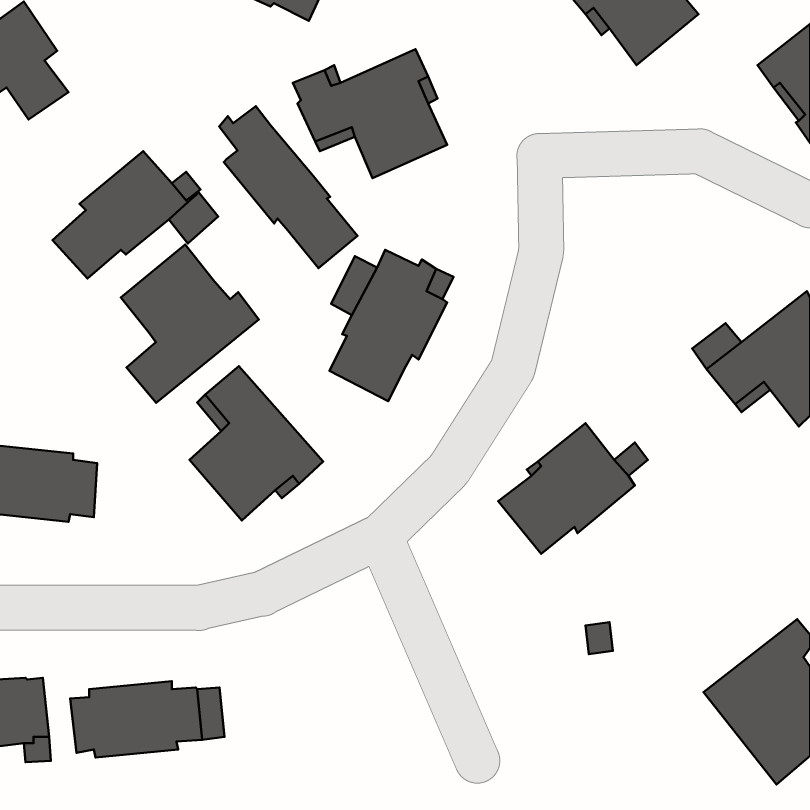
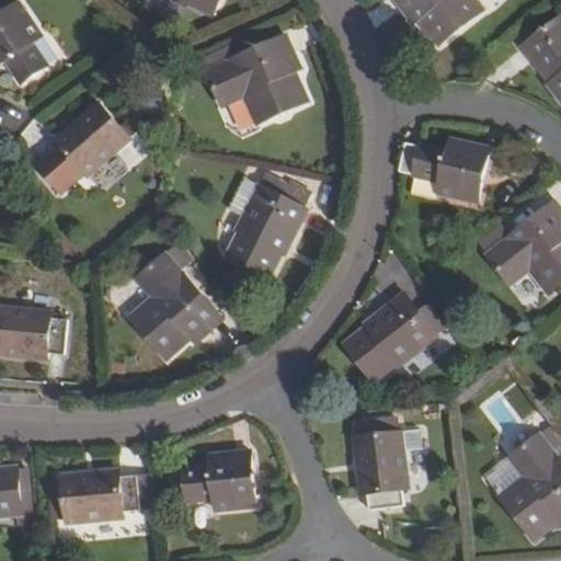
building: [219,106,357,268] -> none
building: none -> [400,138,489,202]
building: [121,244,259,403] -> none
building: none -> [353,417,407,511]
building: none -> [171,448,256,507]

